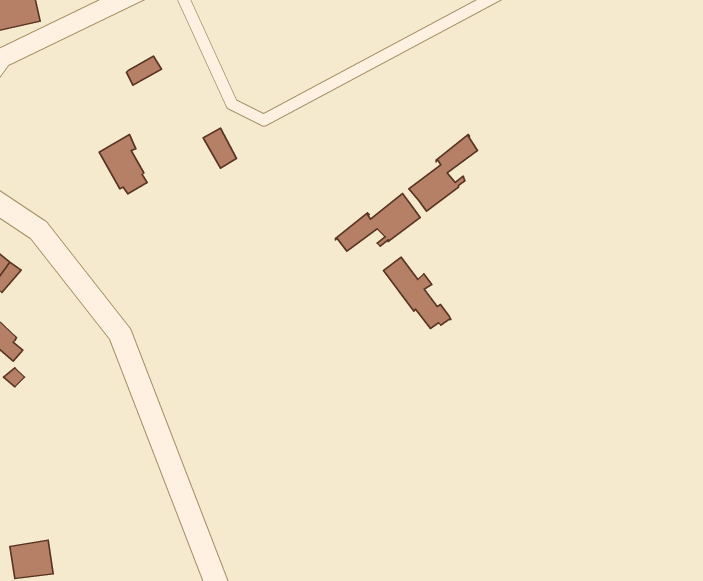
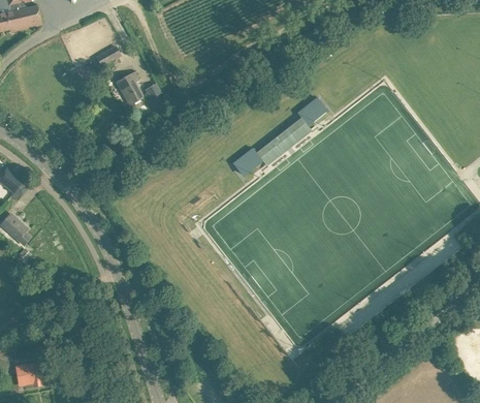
building: [99,135,147,194] -> [114,70,145,109]
building: [383,257,451,329] -> none

